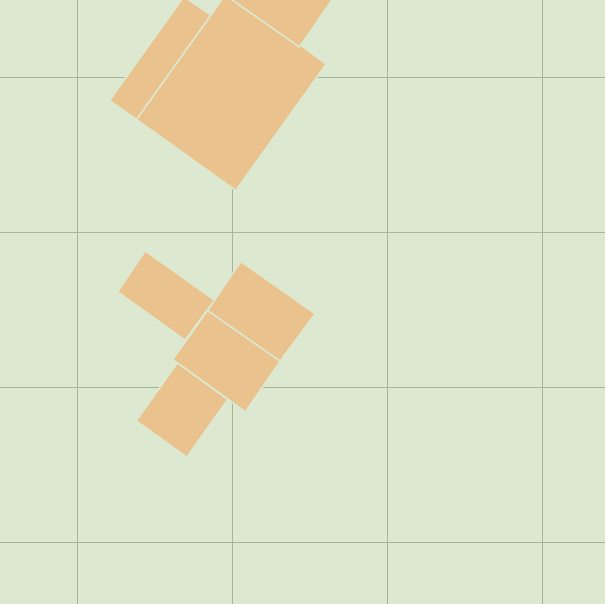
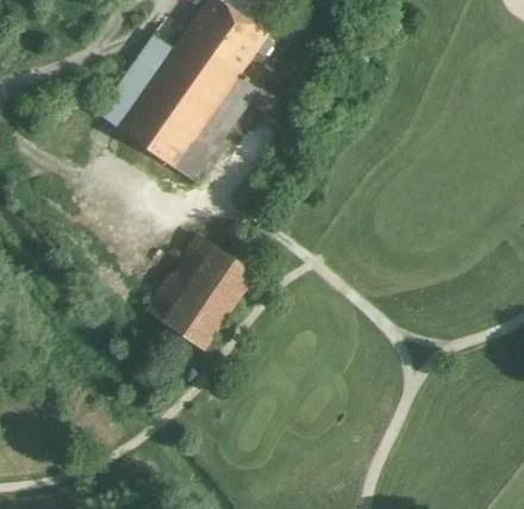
building: [117,251,215,340] -> none
building: [136,363,228,457] -> none

